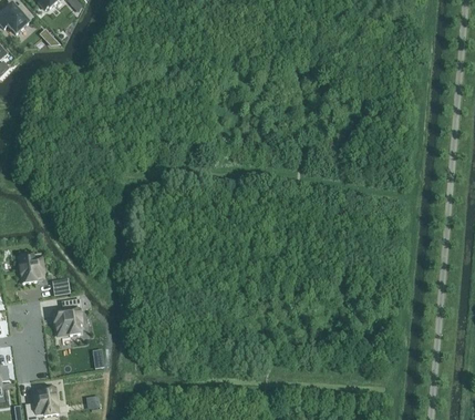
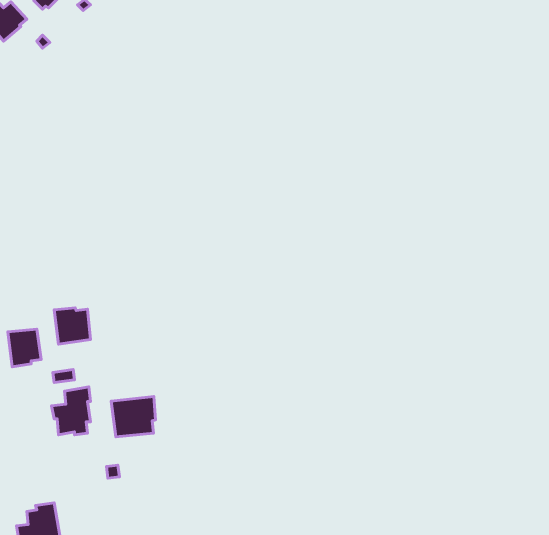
building: none -> [54,308,91,344]
building: none -> [111,397,156,437]

